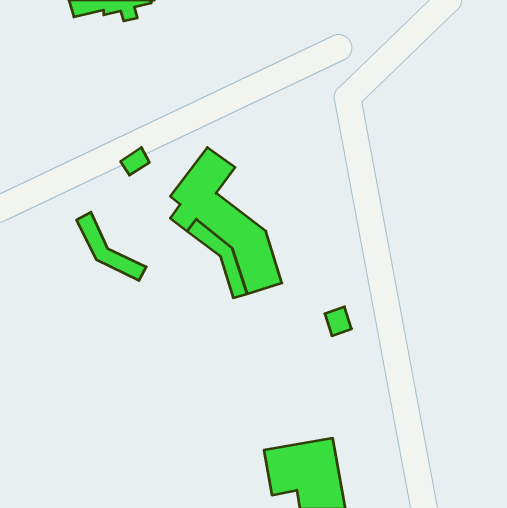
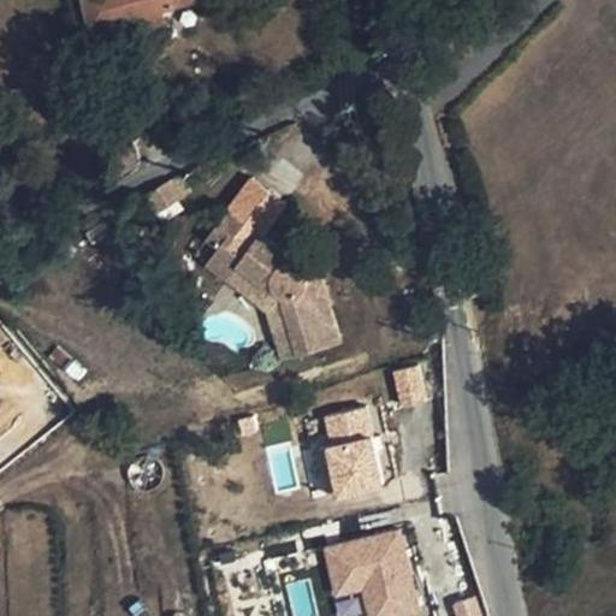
building: [77,212,146,281] -> none
building: none -> [321,408,377,496]

